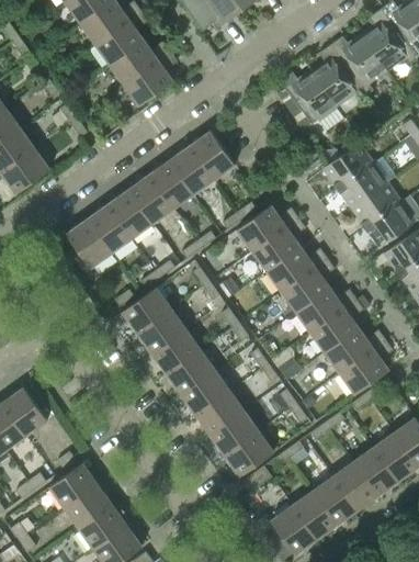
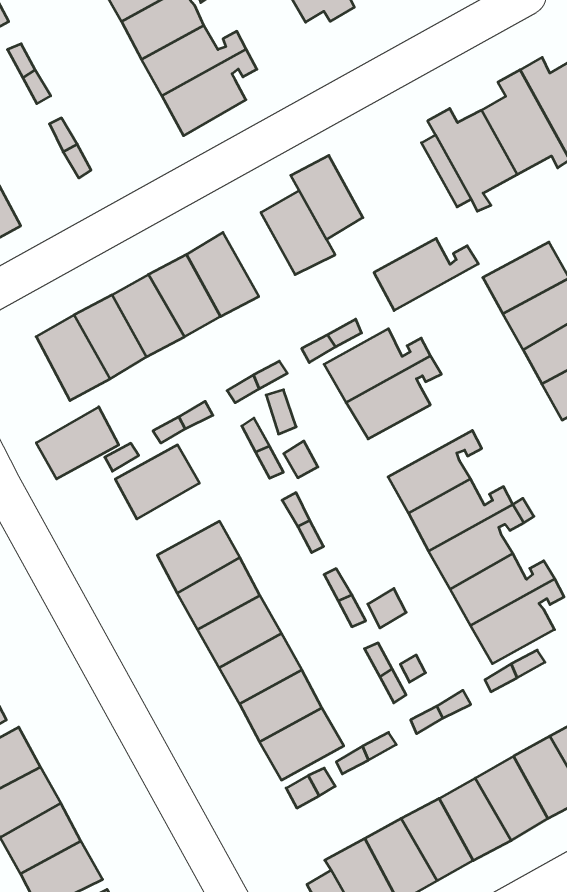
building: [169,146,214,195] -> [291,155,363,240]
building: [268,247,328,292] -> [374,238,478,311]
building: [138,308,186,353] -> [36,407,119,479]

